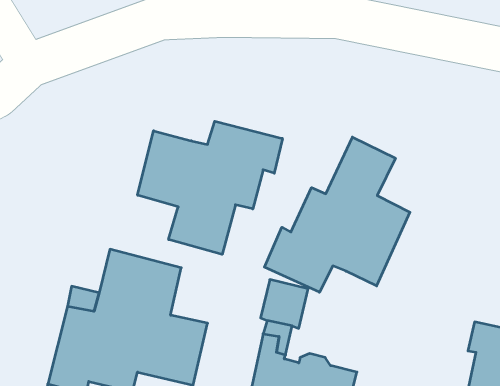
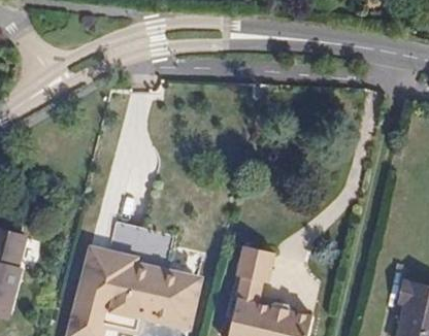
building: [138,121,282,254] -> none
building: [264,137,410,292] -> none

